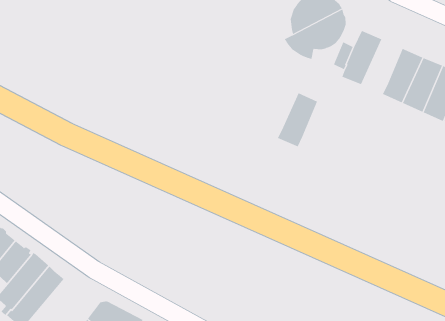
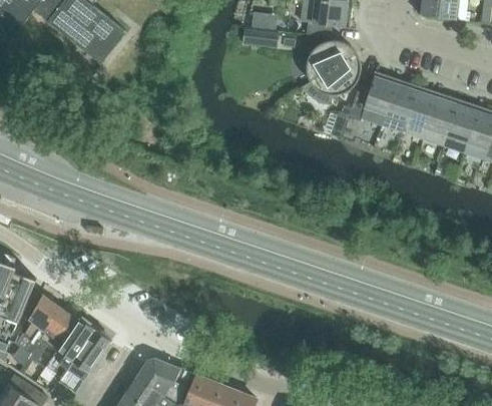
building: [277,92,318,147] -> [380,79,416,132]

